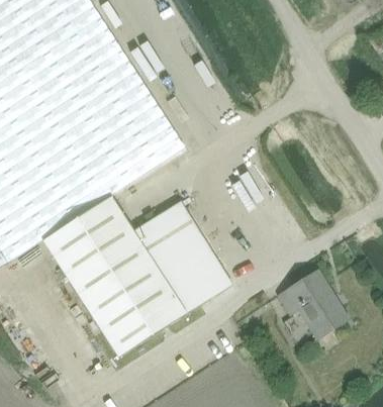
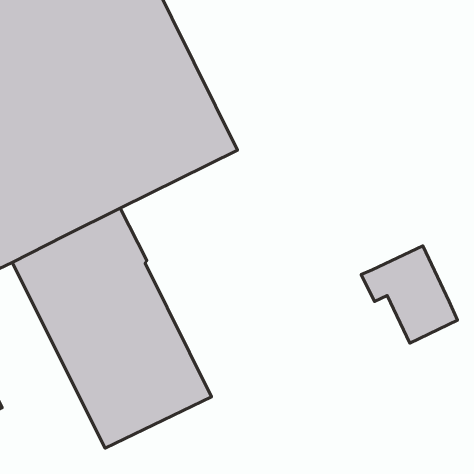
building: [132,198,235,314] -> none
building: [279,272,348,338] -> [361,246,457,343]

